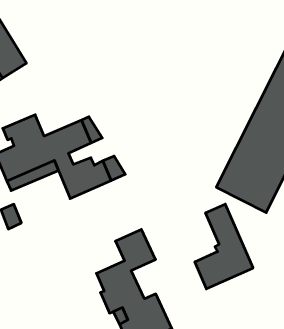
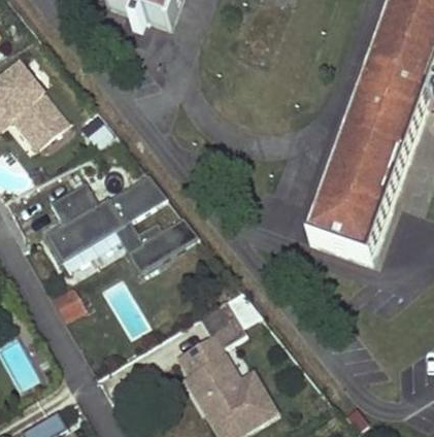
building: [195,204,253,289] -> none

